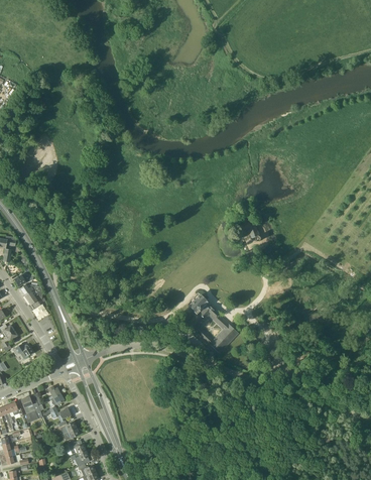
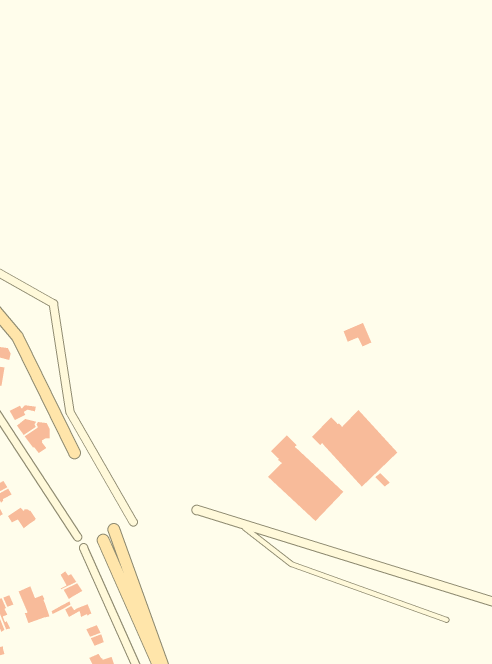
building: none -> [311,409,398,487]

